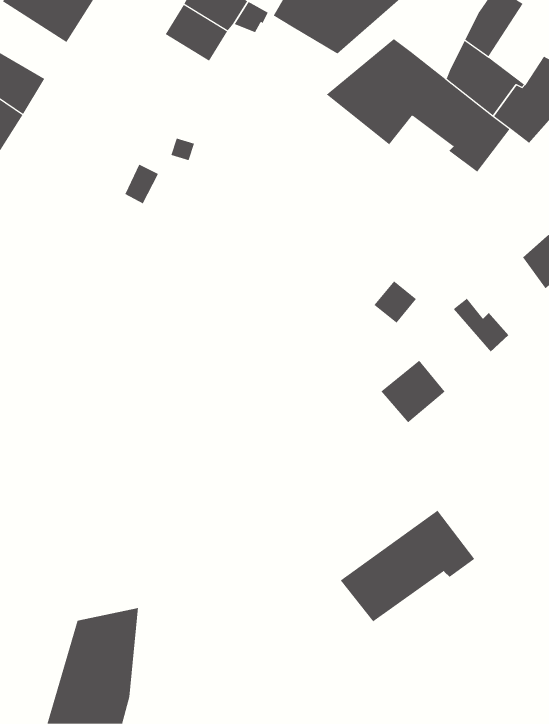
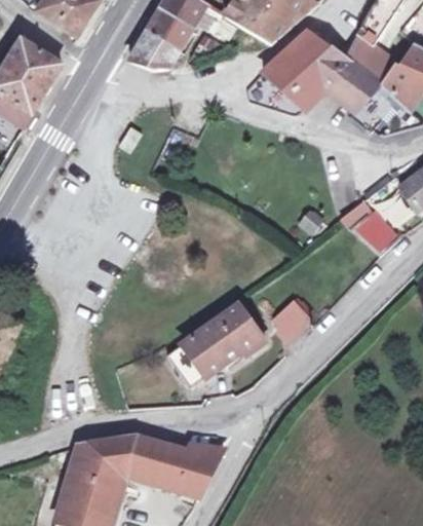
building: none -> [127,29,177,69]
building: [381,360,445,423] -> [265,295,311,340]
building: [340,510,475,622] -> [165,307,262,387]
building: none -> [120,434,227,501]

